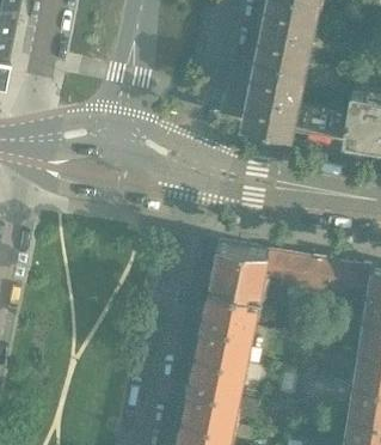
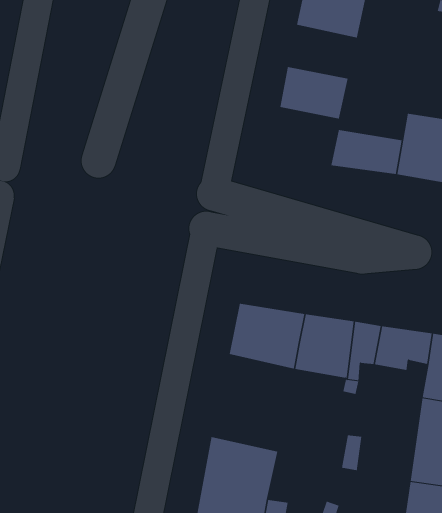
building: [256,23,312,66] -> none
building: [242,89,297,135] -> none
building: [195,286,262,364] -> none

